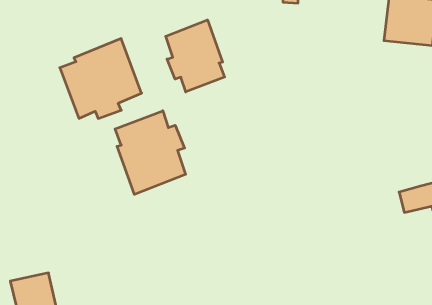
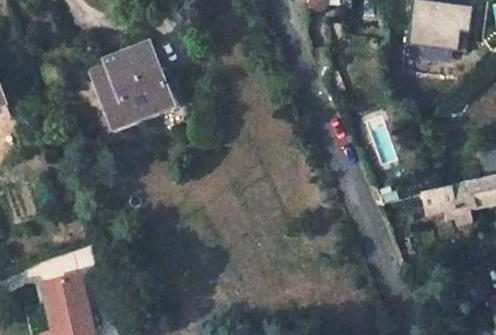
building: [166,20,225,92] -> none
building: [115,111,186,194] -> none

